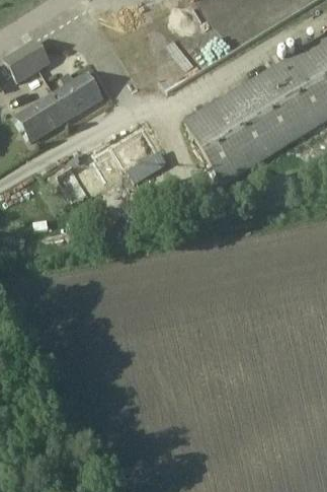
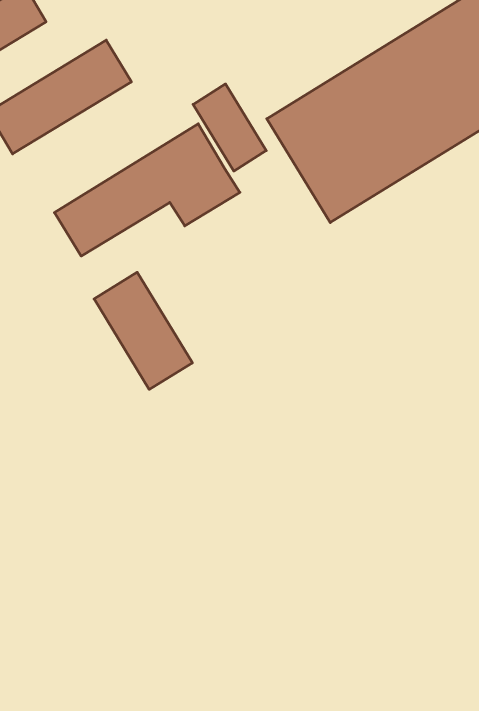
building: none -> [193,84,266,171]
building: none -> [94,272,192,389]

